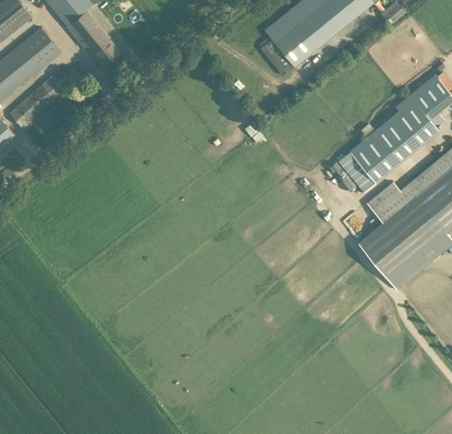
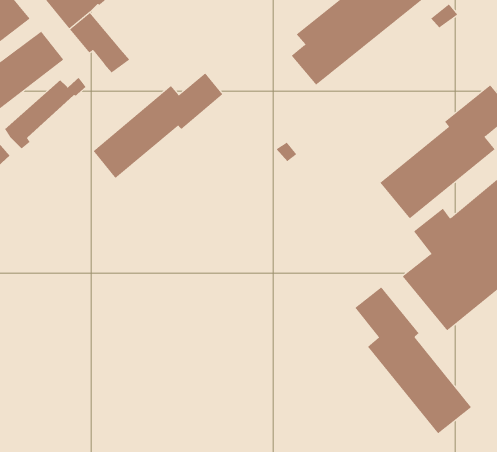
building: none -> [93,73,223,179]
building: none -> [355,286,472,434]

